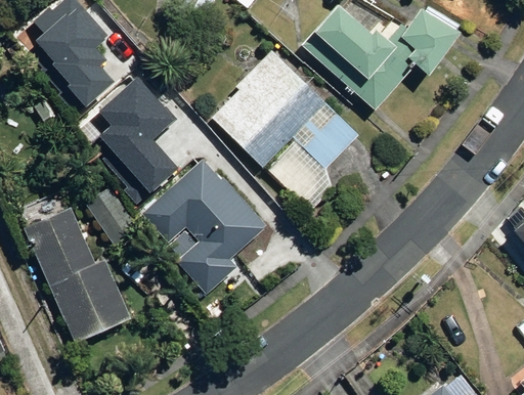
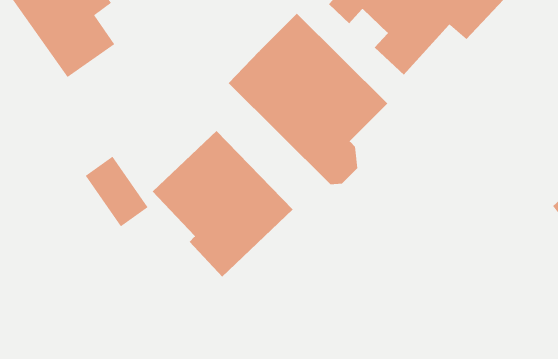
building: [96,77,176,206] -> none
building: [25,207,132,343] -> none

